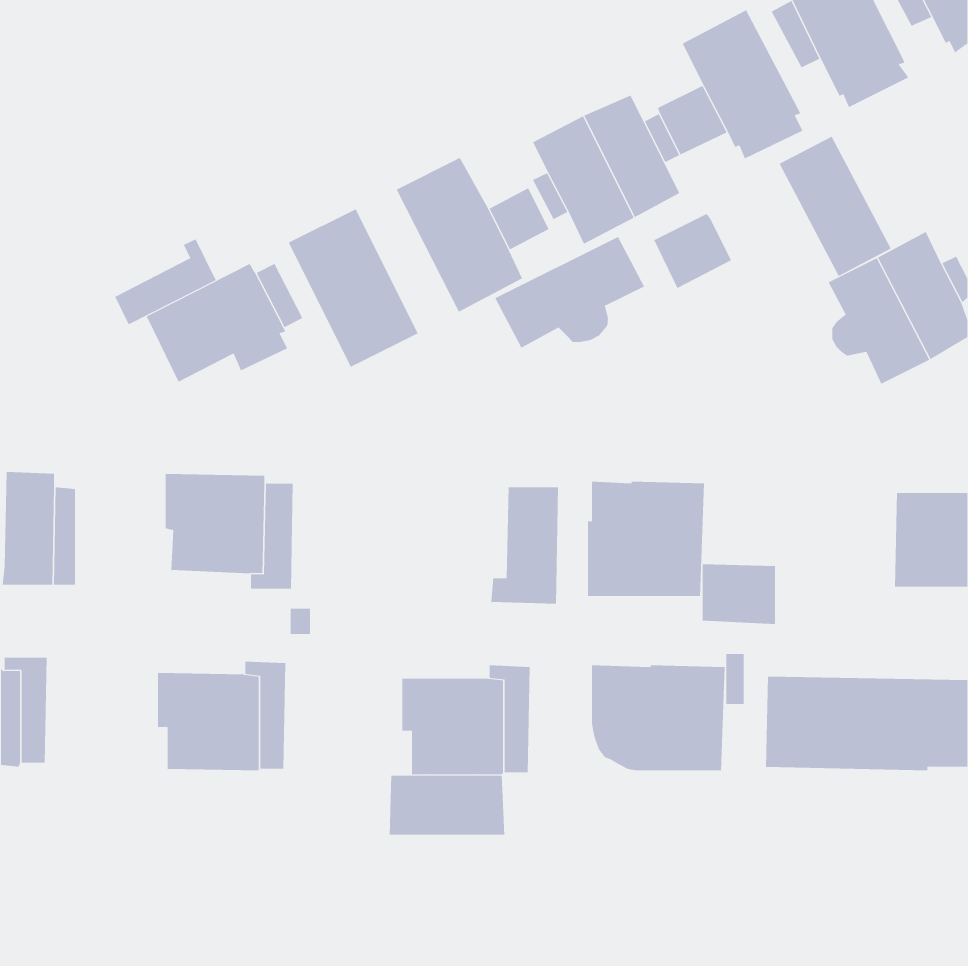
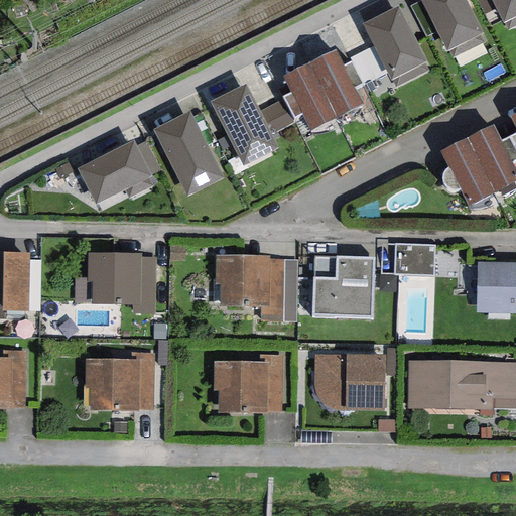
building: [779,136,891,277] -> none
building: [654,213,732,289] -> none
building: [495,236,645,349] -> none
building: [115,238,216,325] -> none
building: none -> [215,255,270,307]
building: [702,564,776,624] -> [395,243,434,275]
building: [389,775,505,836] -> none

